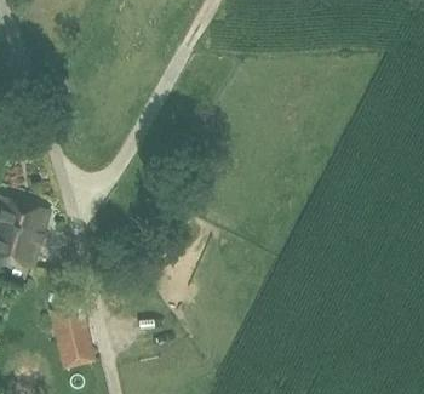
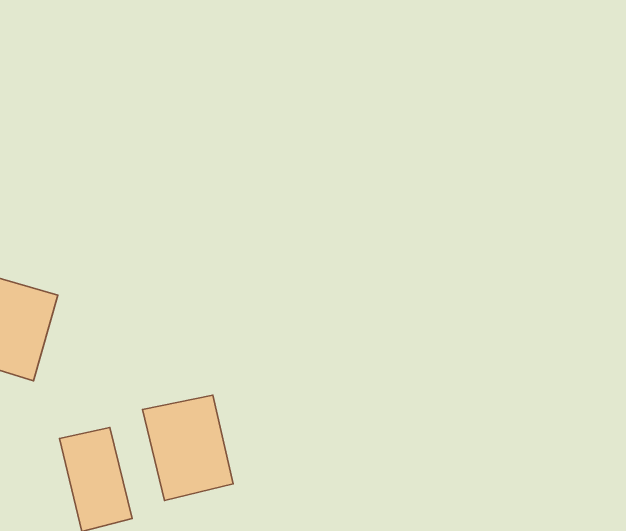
building: none -> [143,395,233,501]

